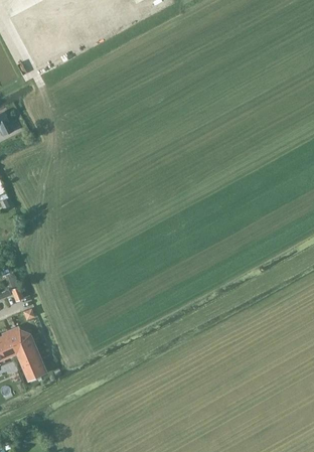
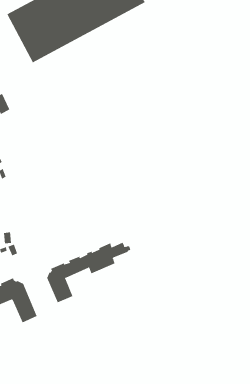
building: none -> [47,242,131,303]

